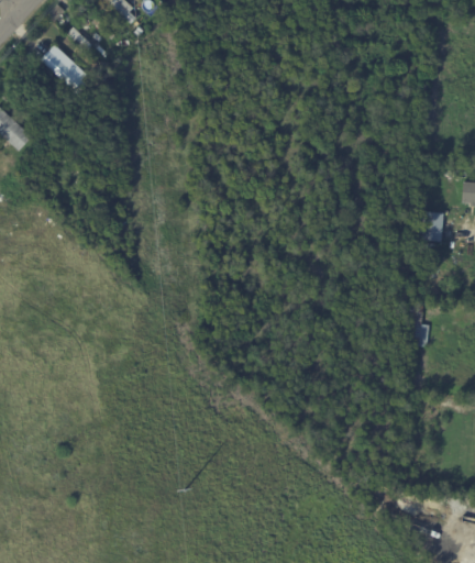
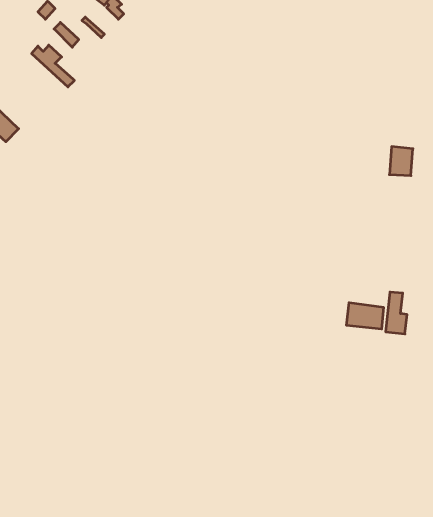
building: [419,211,443,241] -> [389,147,413,176]
building: none -> [347,303,383,329]

